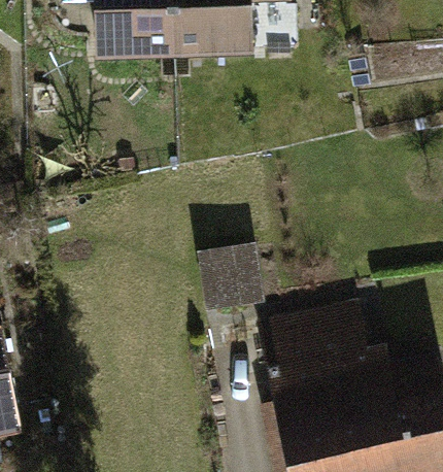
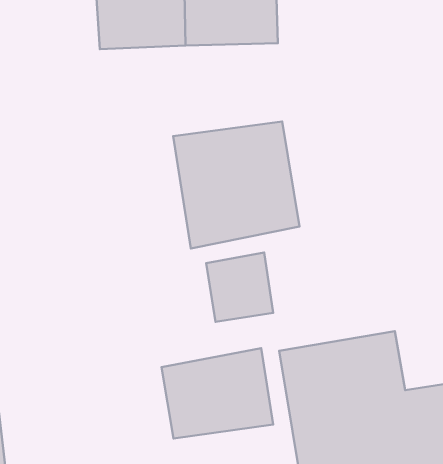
building: none -> [173,121,300,249]
building: none -> [162,348,273,439]

